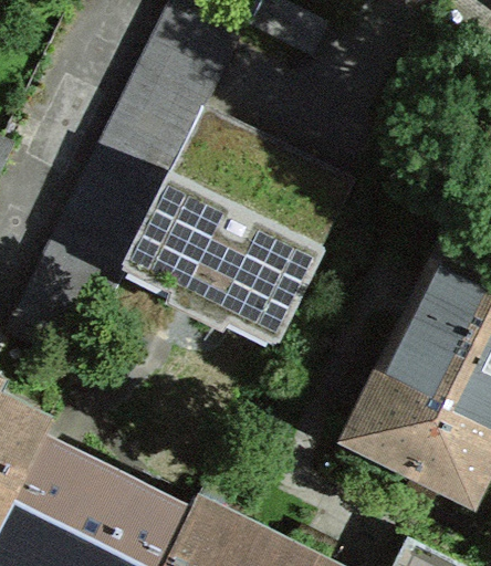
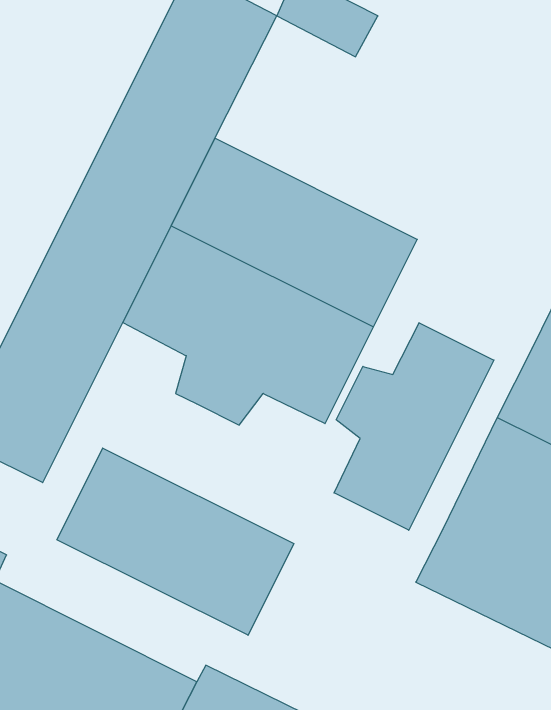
building: none -> [334,323,494,530]
building: none -> [57,448,294,635]

